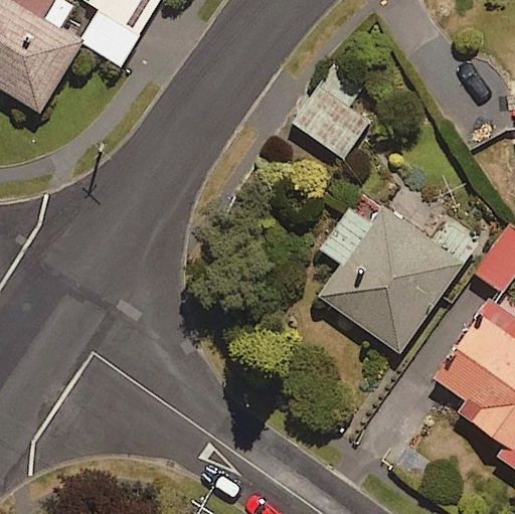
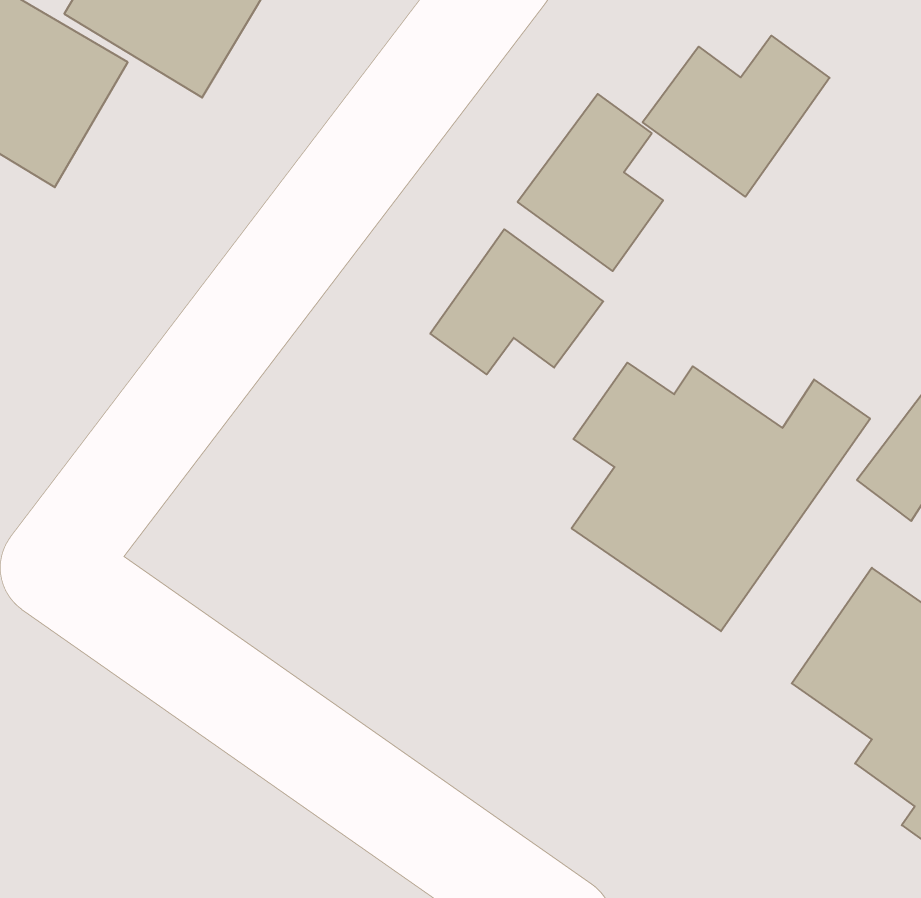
building: none -> [643,36,830,197]
building: none -> [430,229,603,374]

